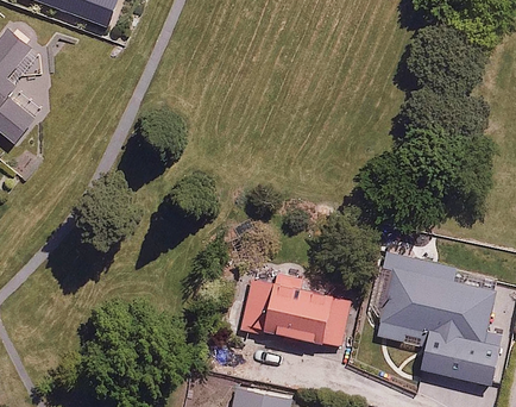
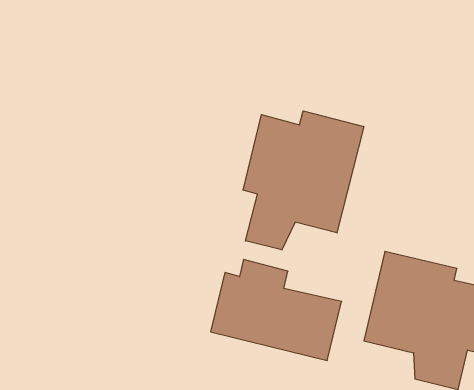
building: none -> [243,111,364,250]

